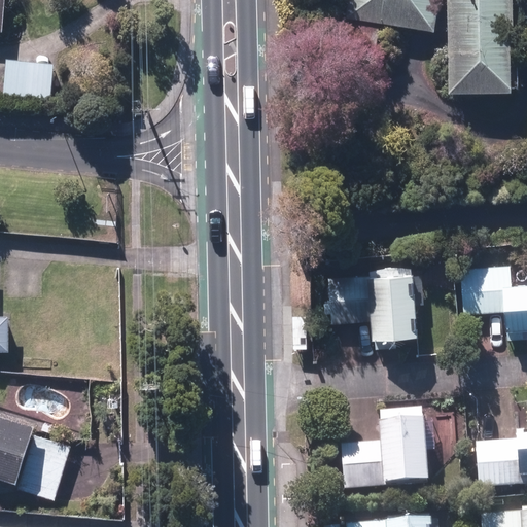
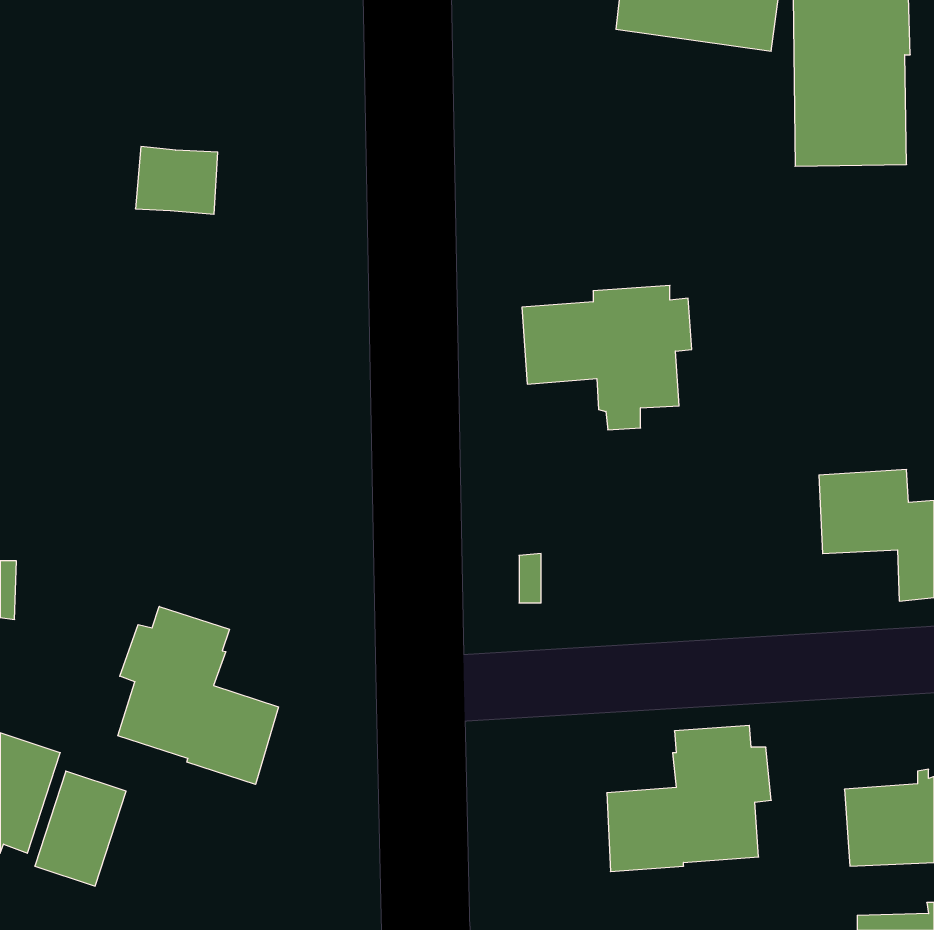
building: [7,60,54,98] -> [135,147,218,214]
building: [328,268,424,349] -> [522,285,692,430]
building: none -> [118,606,278,784]

